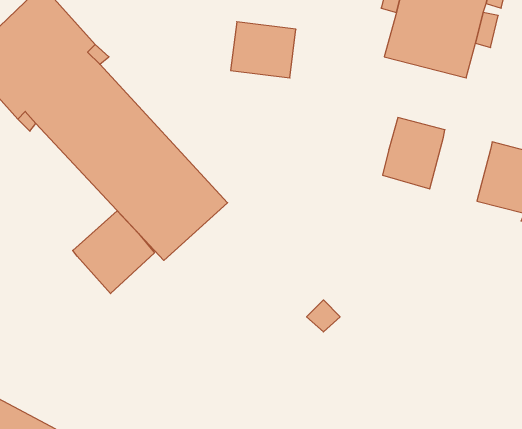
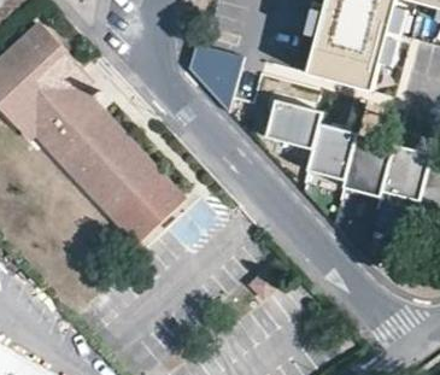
building: none -> [266,100,323,151]
building: none -> [342,141,393,198]
building: [73,211,155,294] -> none

